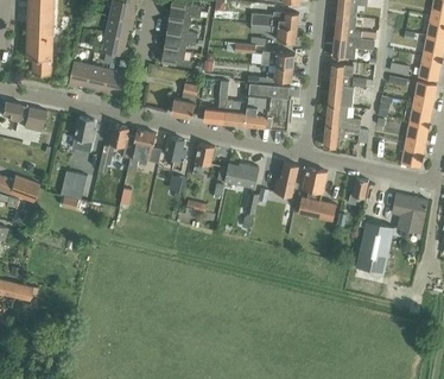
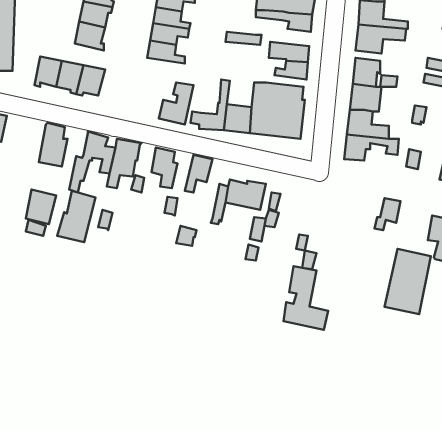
building: [273,162,299,196] -> none
building: [299,168,336,220] -> [283,266,328,330]
building: none -> [57,191,95,242]

